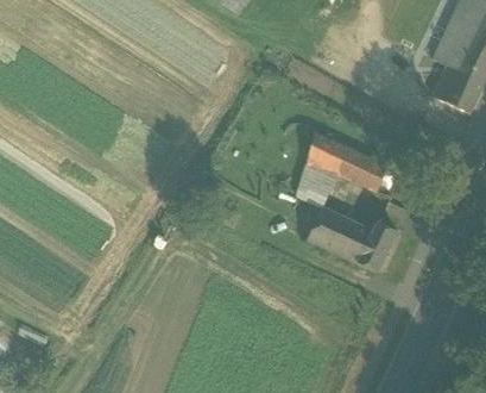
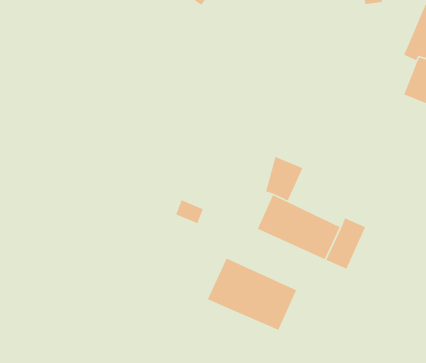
building: [307,132,389,191] -> none
building: none -> [207,257,297,331]

